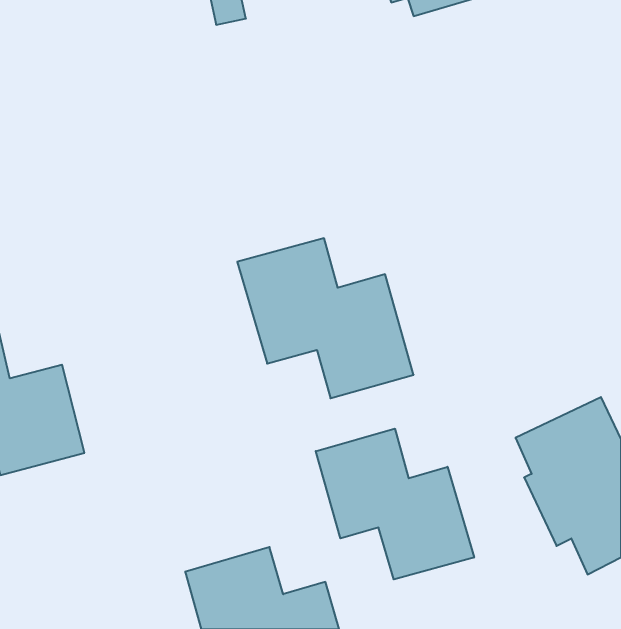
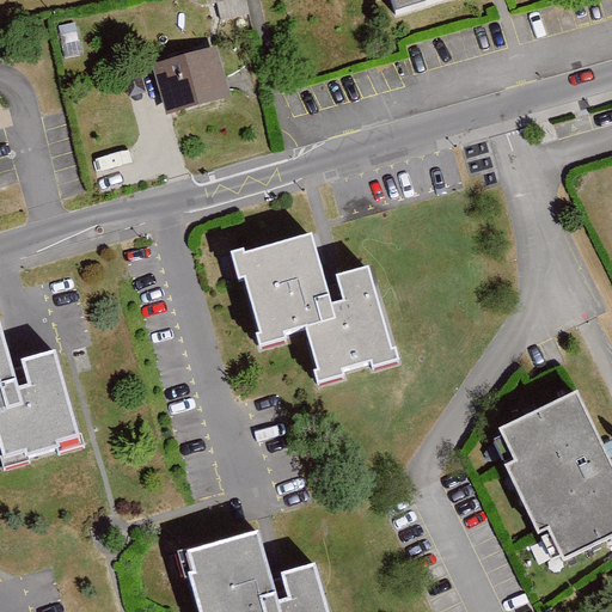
building: none -> [143,55,221,126]
building: [316,429,474,579] -> none

